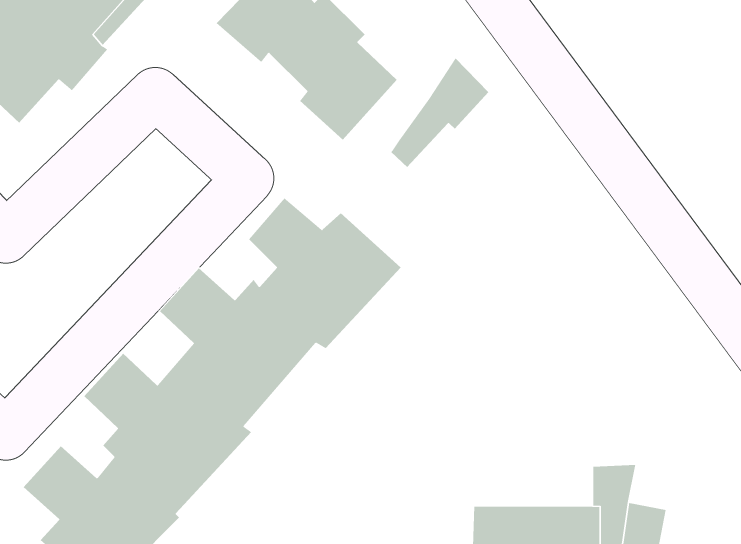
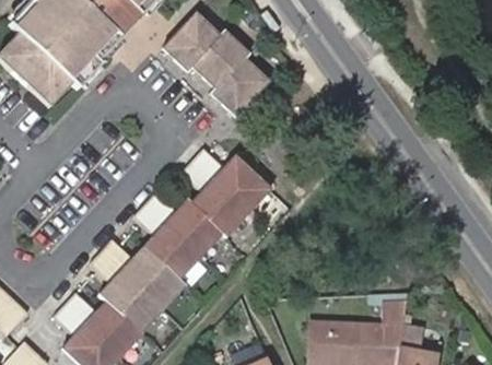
building: [390,57,489,168] -> none

